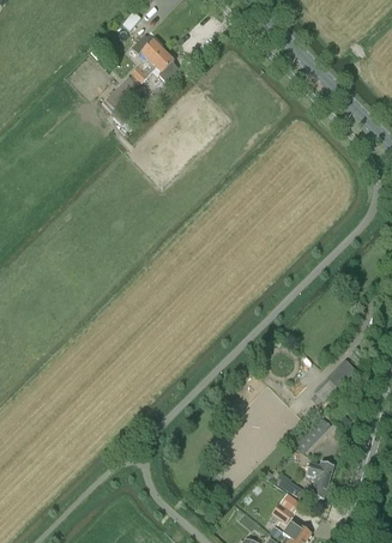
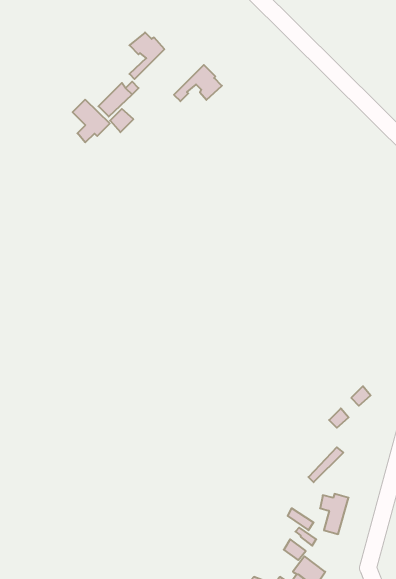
building: [135,49,180,83] -> [174,65,222,101]
building: none -> [73,100,110,142]

